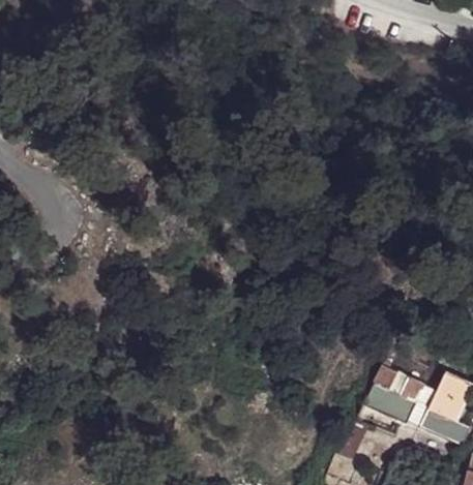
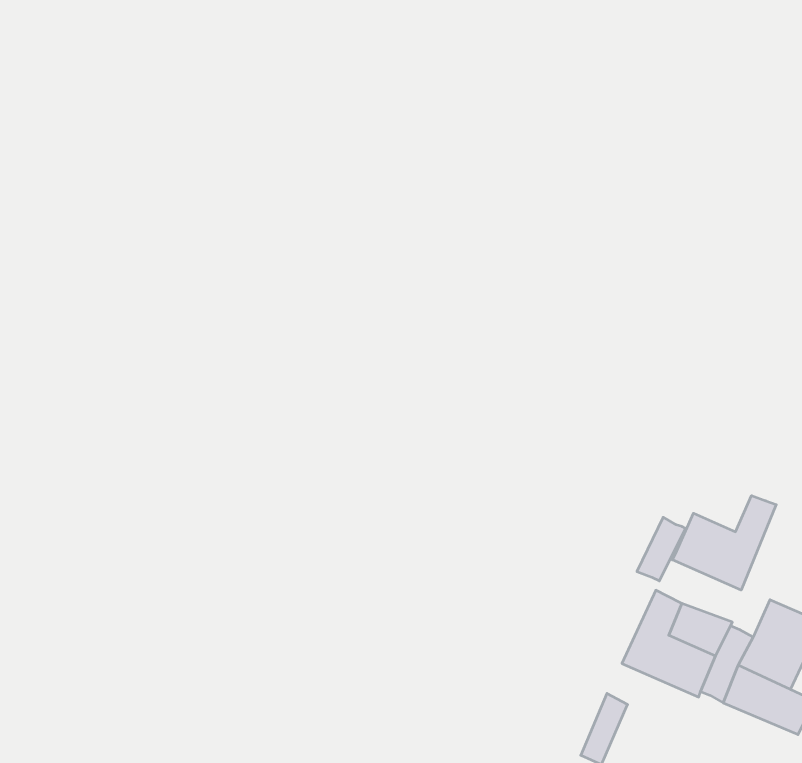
building: none -> [672,496,776,590]

